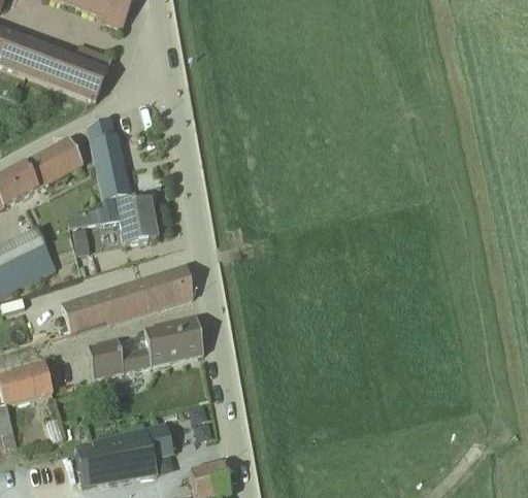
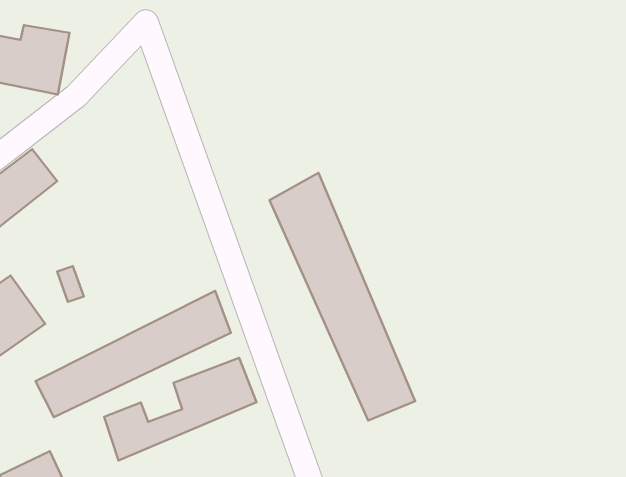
building: [87,117,130,200] -> none
building: none -> [270,173,415,420]
building: [67,200,157,245] -> none

